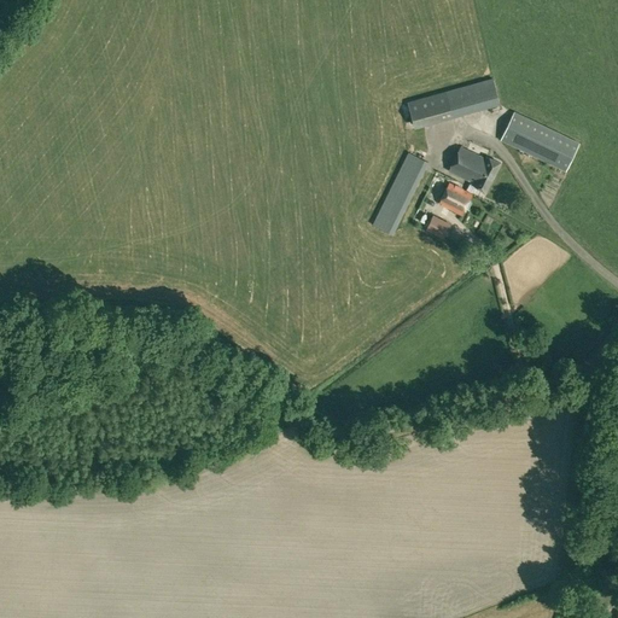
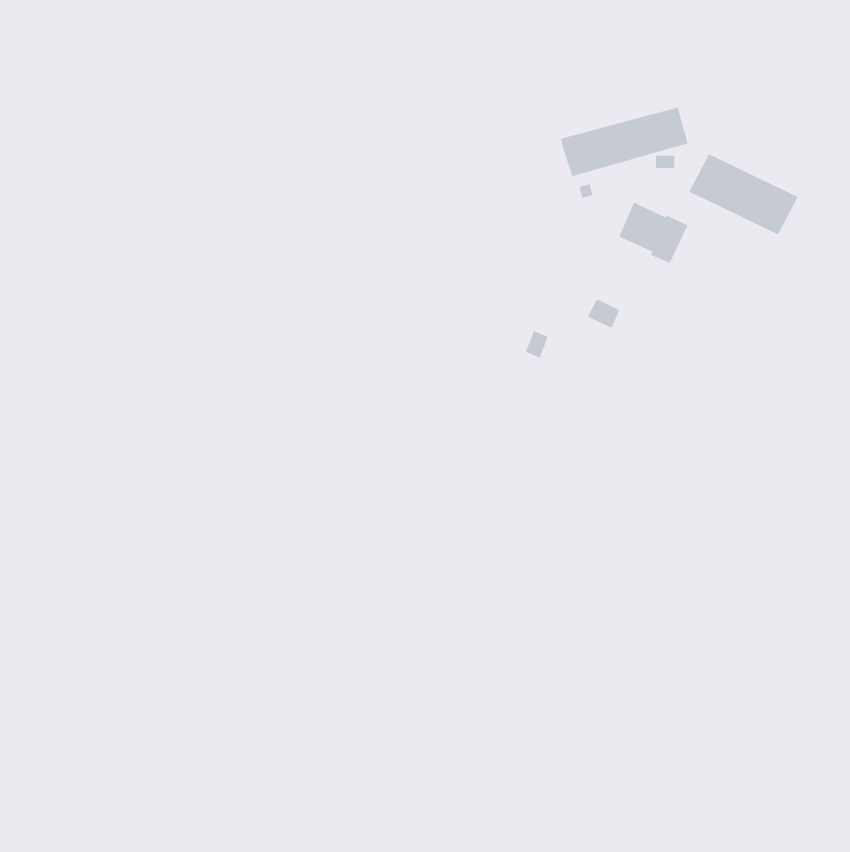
building: [371,152,427,234] -> none
building: [438,182,471,215] -> none

